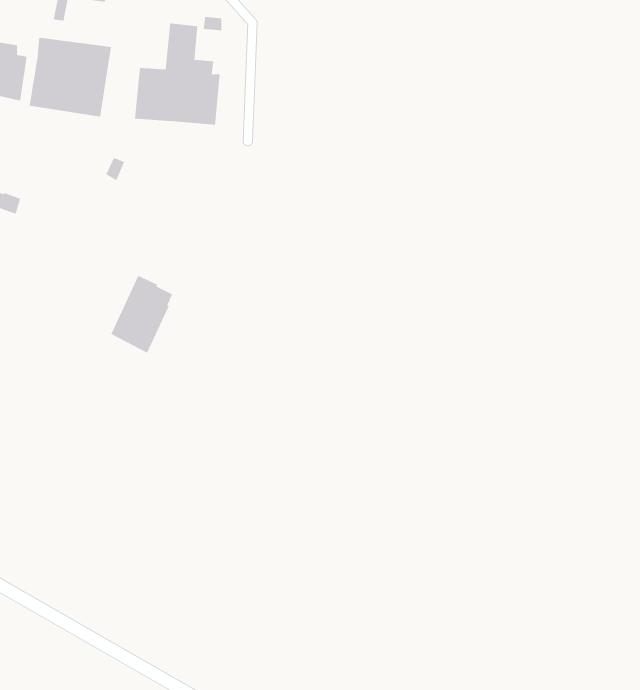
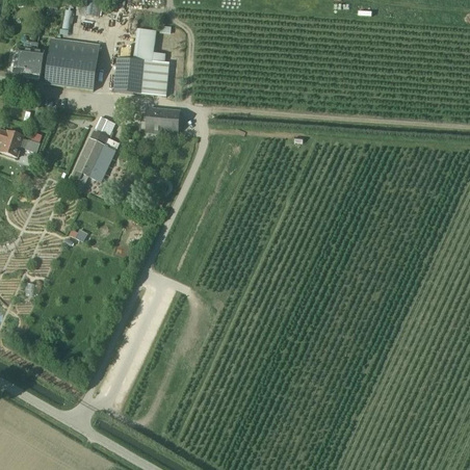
building: none -> [145,107,180,132]
building: [111,275,173,353] -> [76,130,116,181]

